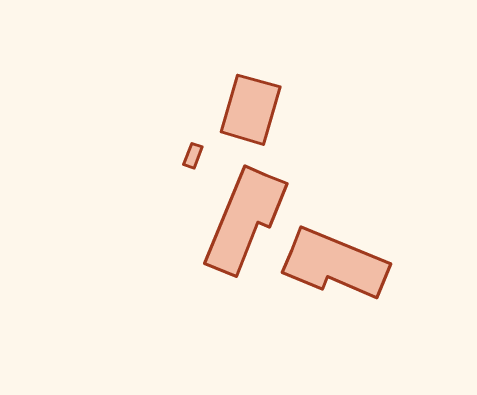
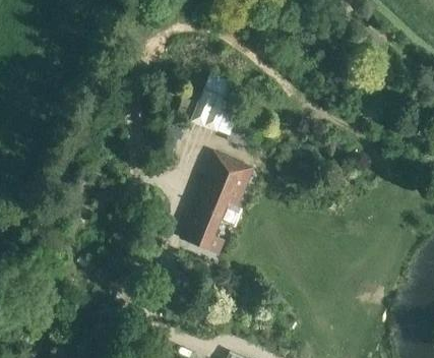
building: [282,227,391,298] -> none

